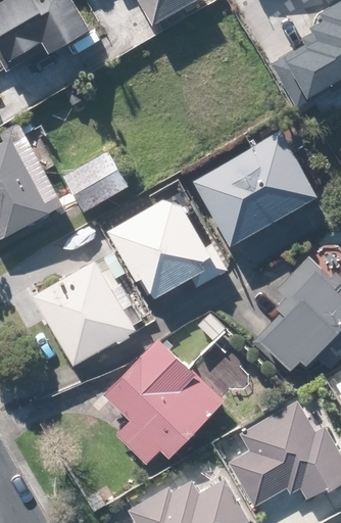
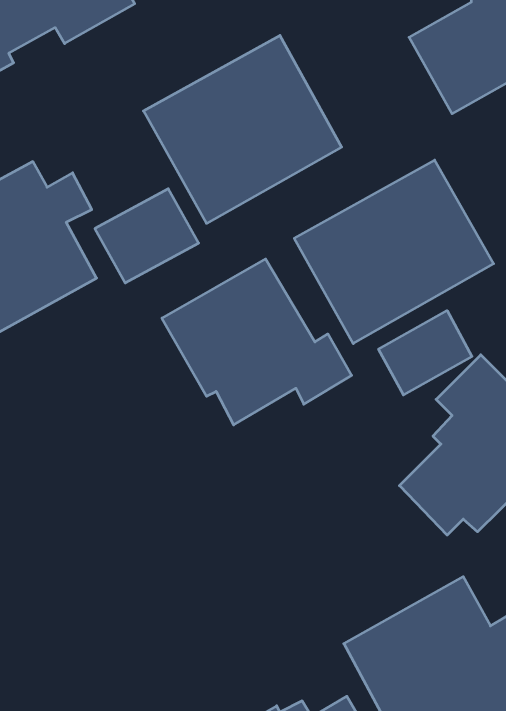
building: none -> [143,35,342,223]
building: none -> [379,311,472,395]
building: [35,262,134,365] -> none
building: [104,335,229,464] -> none

